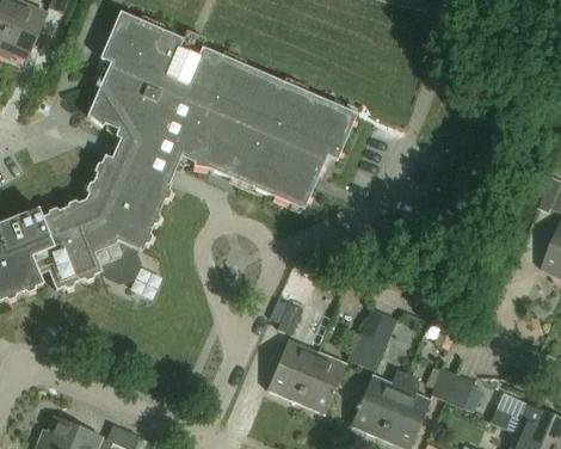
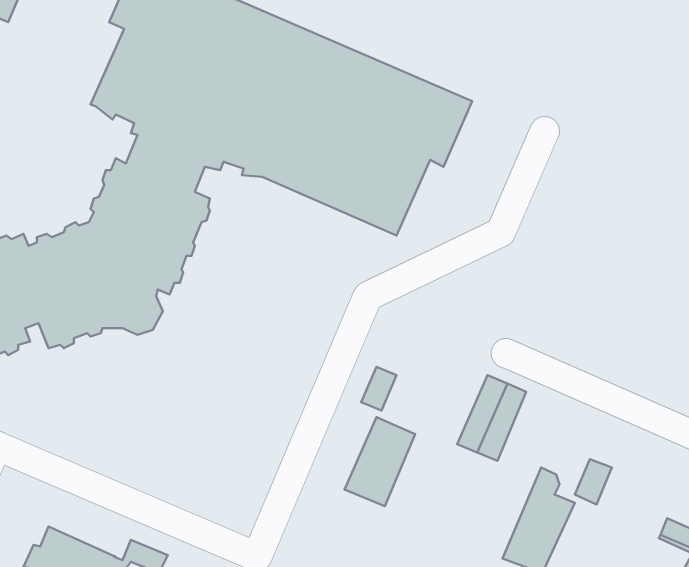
building: [295,350,346,414] -> none
building: [350,370,406,438] -> none
building: [445,374,483,412] -> none

